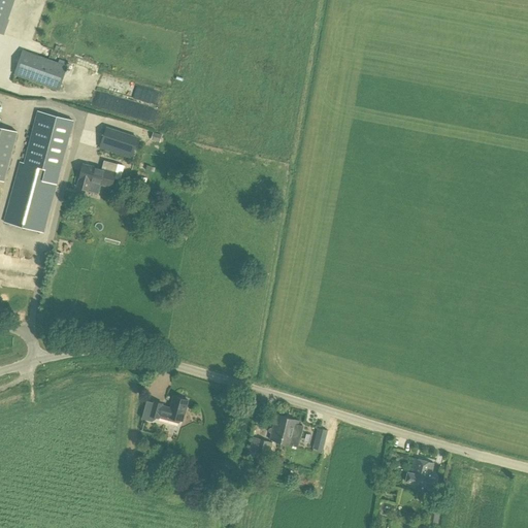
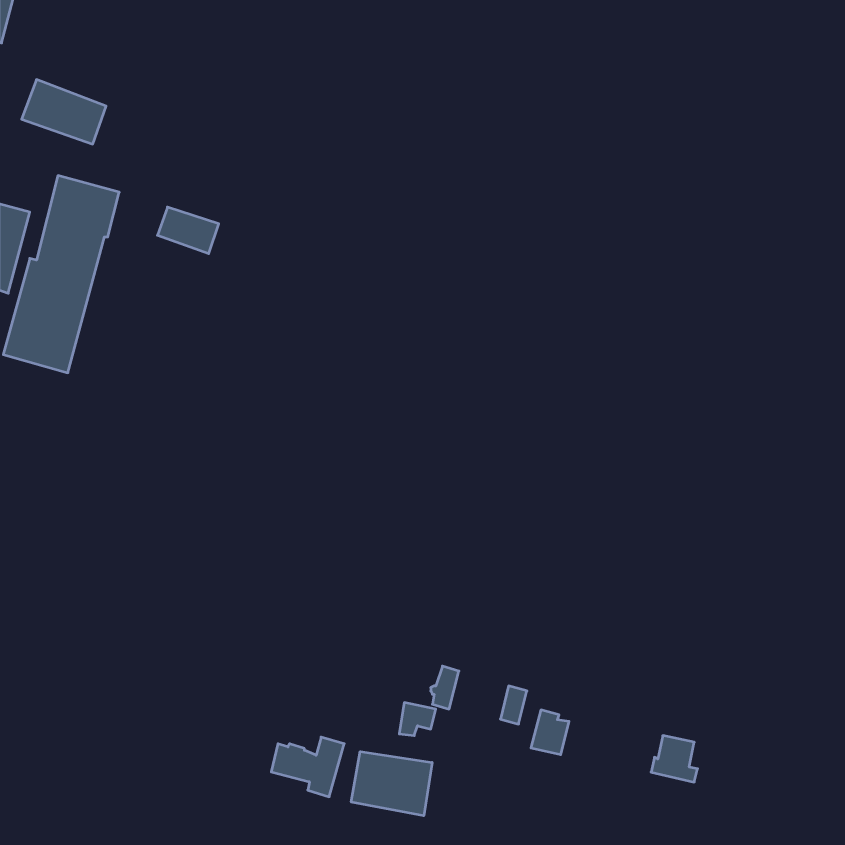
building: [76,164,114,192] -> none
building: [141,396,187,433] -> [271,737,344,797]
building: [279,418,303,446] -> [531,710,569,755]
building: none -> [351,752,432,816]

